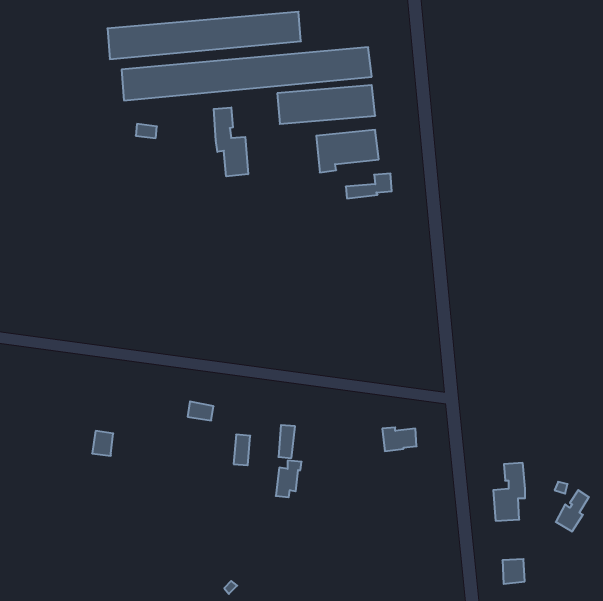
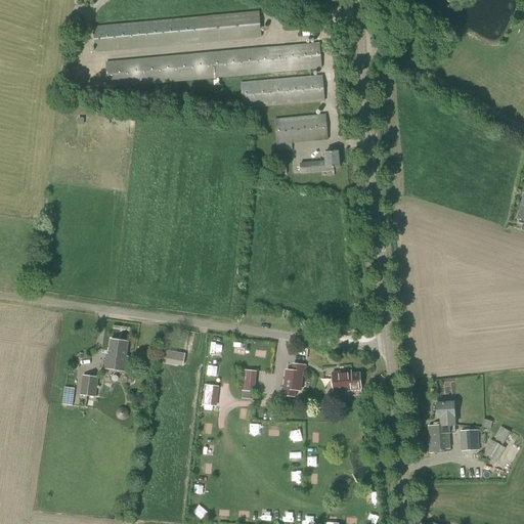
building: [214,107,248,176] -> none
building: none -> [104,338,128,370]
building: [276,461,302,497] -> [283,363,306,395]
building: [502,559,525,584] -> [461,429,480,450]

